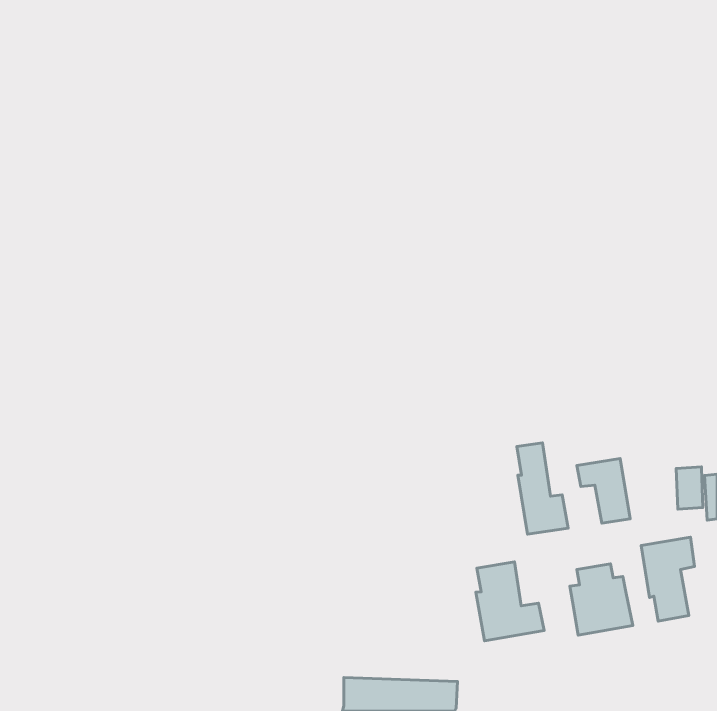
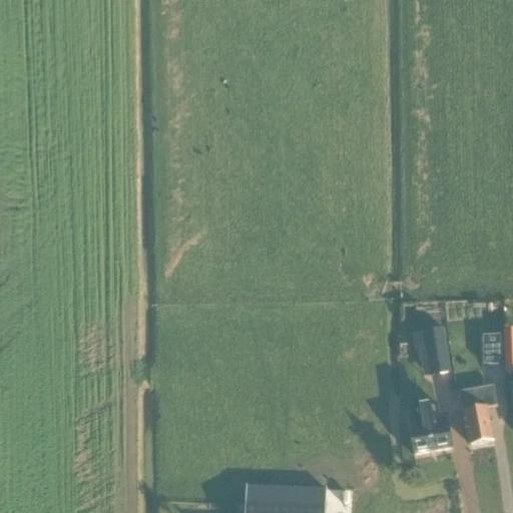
building: [517,443,568,534] -> none
building: [476,562,544,641] -> none

